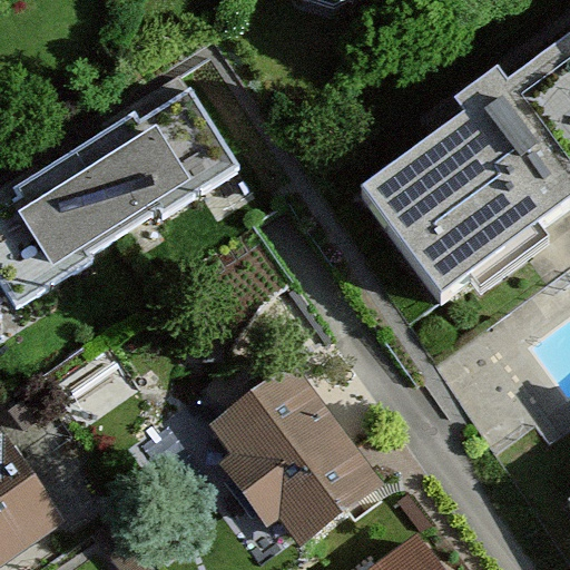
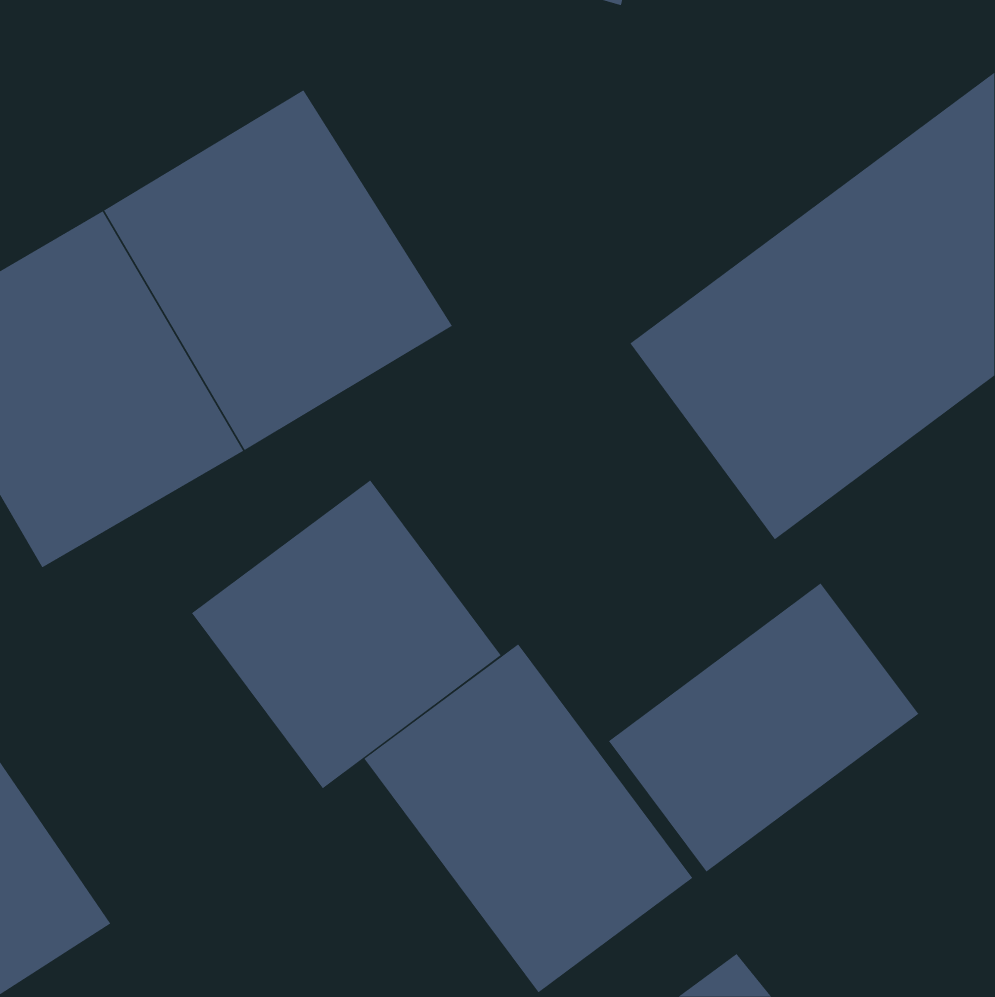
building: none -> [191,480,502,789]
building: none -> [608,582,919,873]

